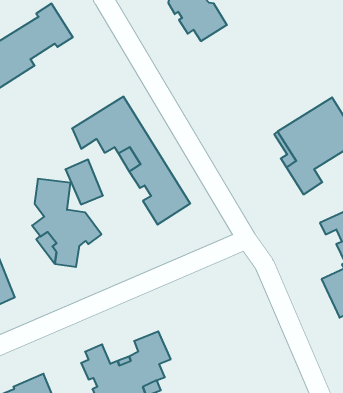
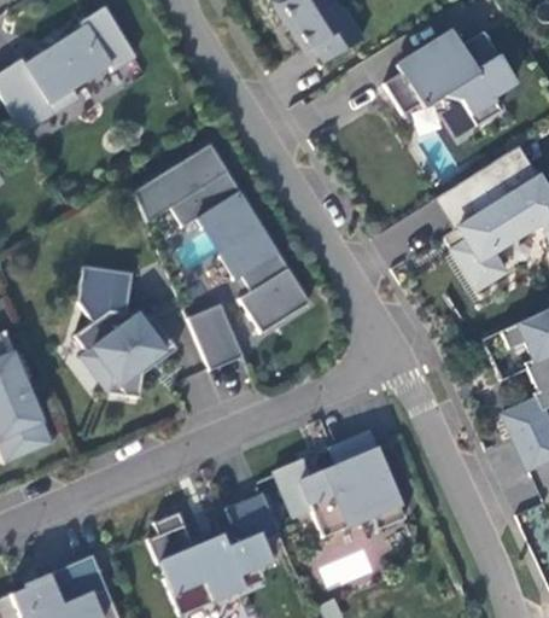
building: none -> [385,29,516,126]
building: [65,160,103,204] -> [188,303,244,369]
building: none -> [275,430,405,536]

